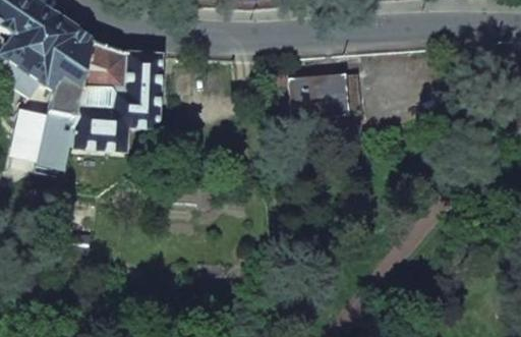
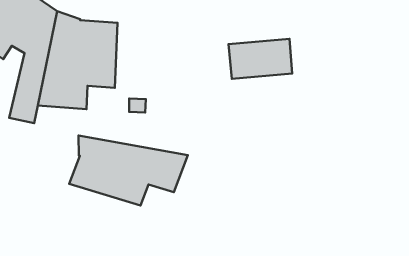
building: none -> [69,136,188,205]

